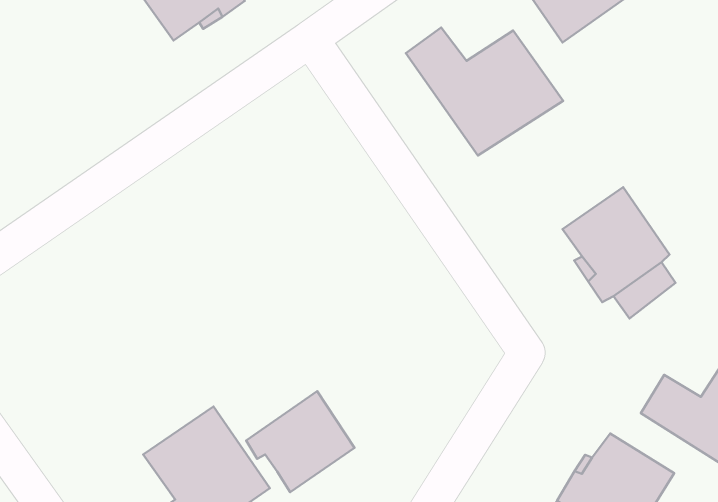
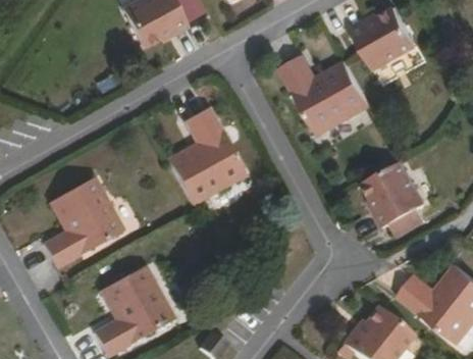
building: none -> [168,110,246,205]
building: none -> [45,178,125,269]
building: [246,391,355,492] -> none

